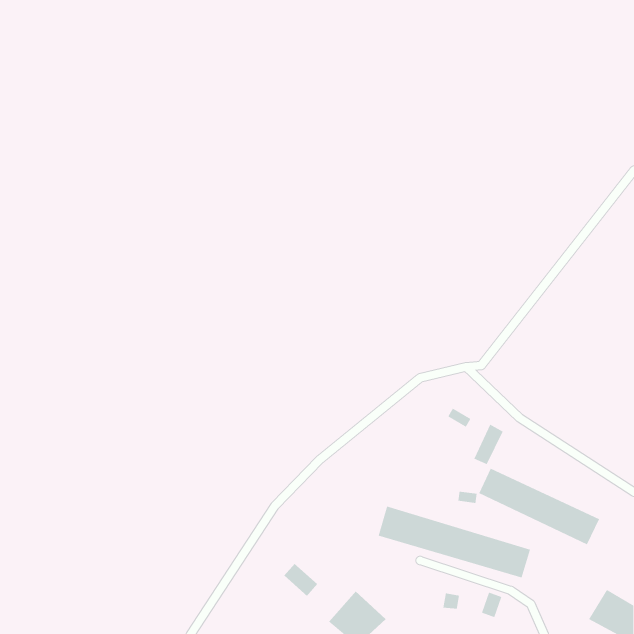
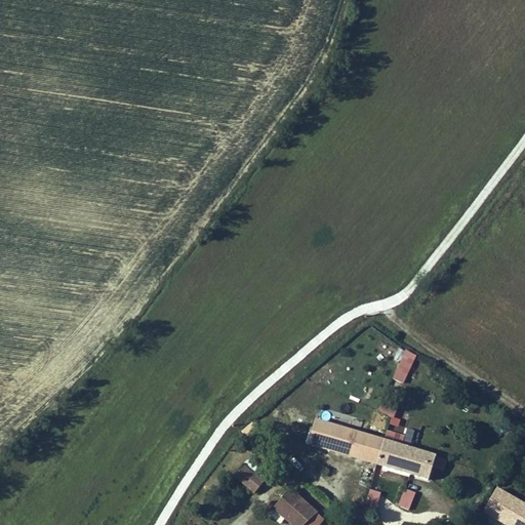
building: [479,468,600,545] -> none

